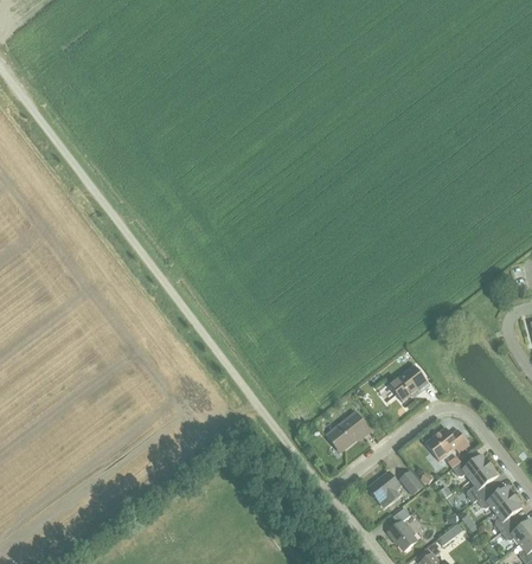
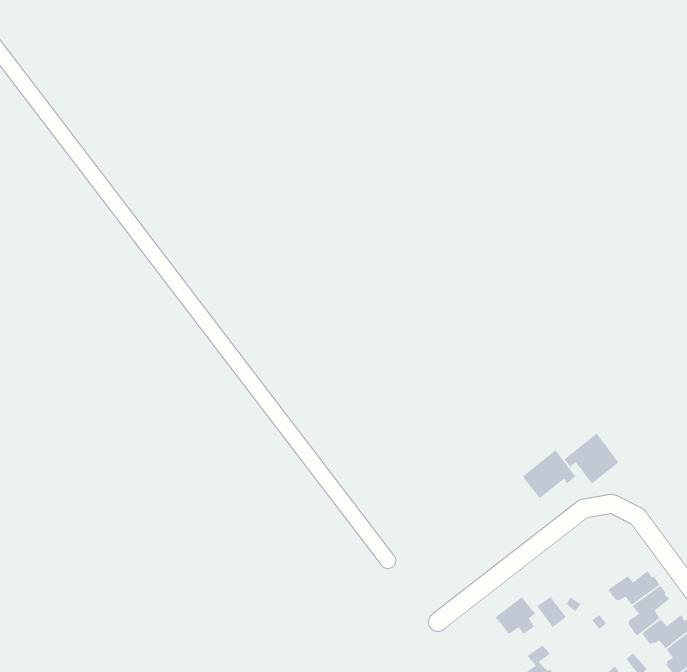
building: none -> [564,433,619,484]
building: [326,411,371,449] -> none
building: [425,427,469,460] -> none

